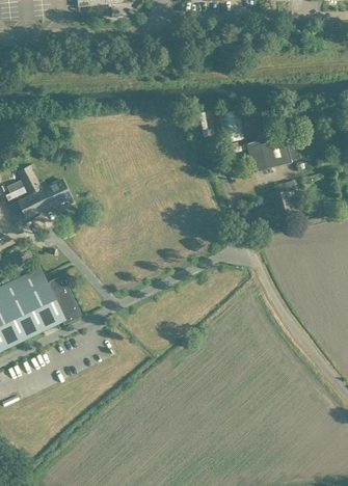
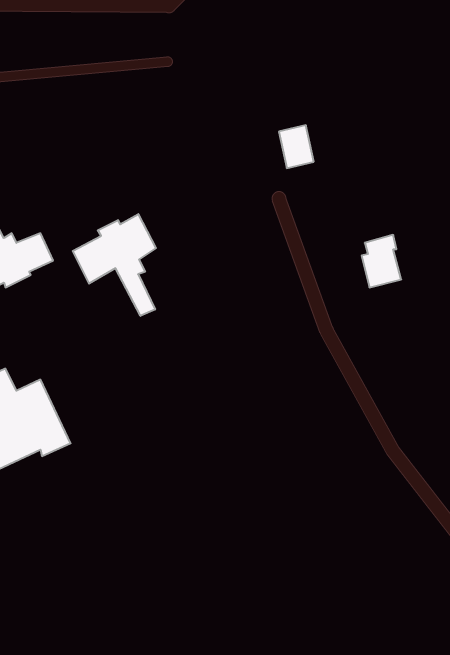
building: [244,136,299,171] -> none
building: none -> [73,214,156,316]

